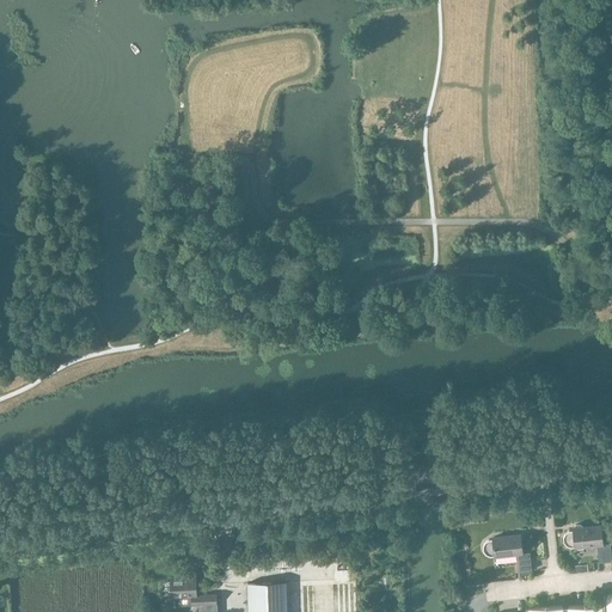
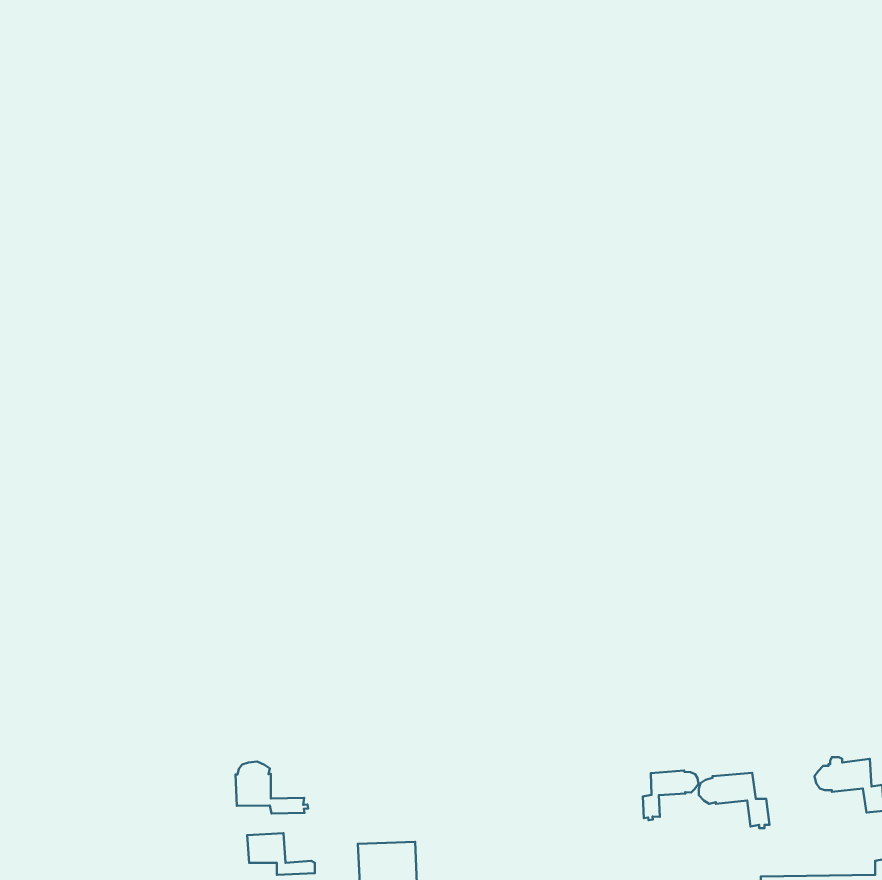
building: none -> [235,762,308,813]
building: none -> [643,770,698,820]

